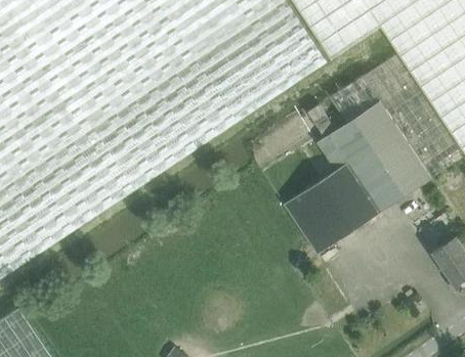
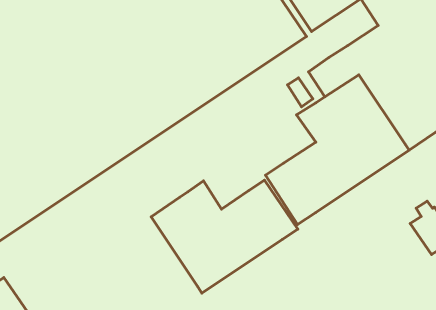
building: none -> [151,180,298,293]

